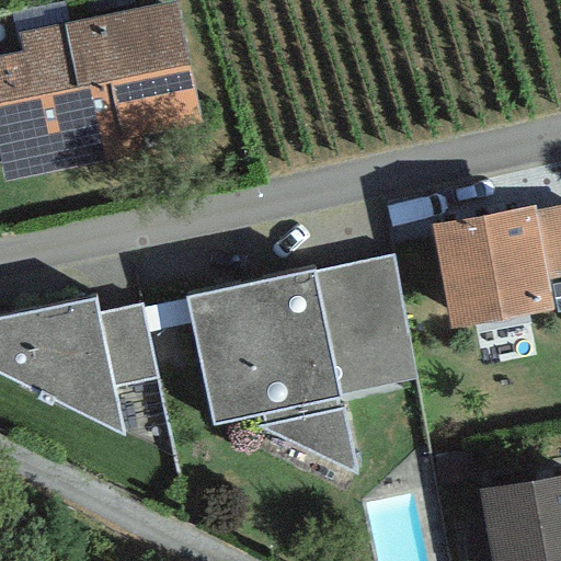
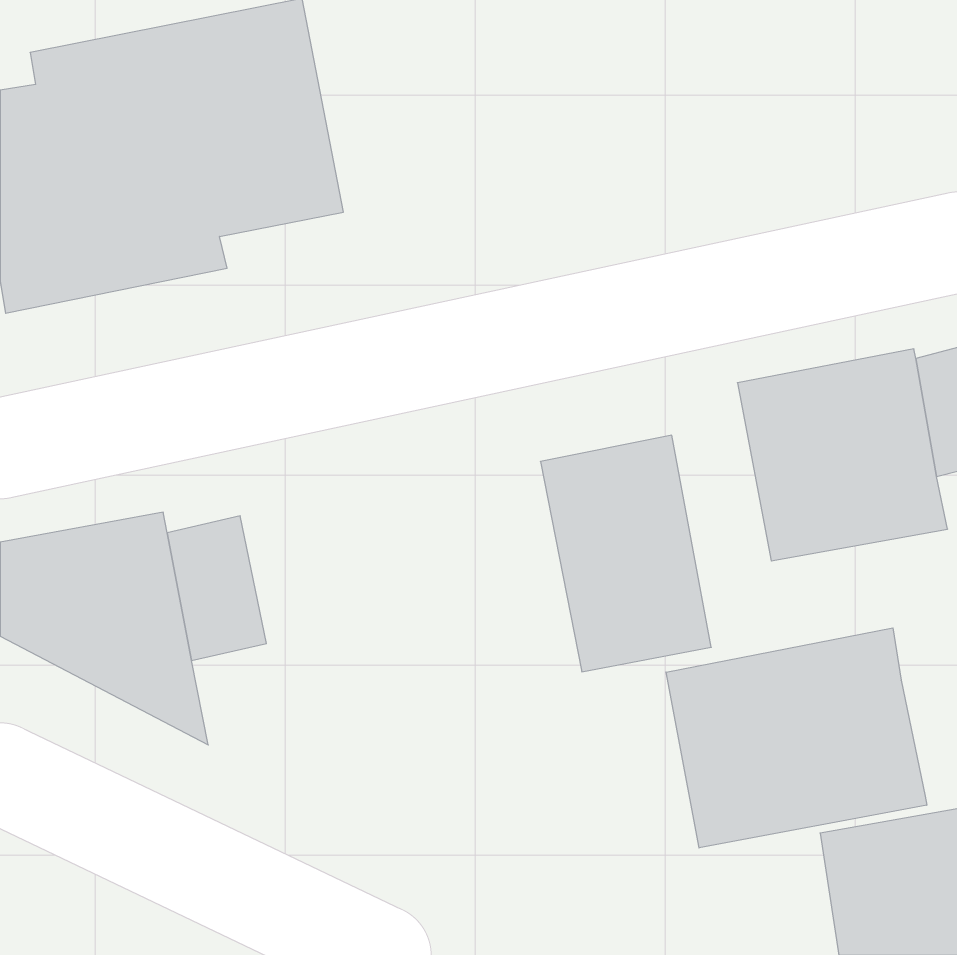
building: [186,270,357,472] -> none
building: none -> [666,628,927,848]

